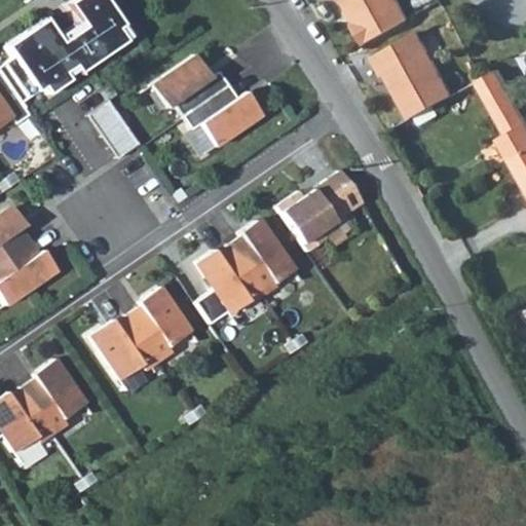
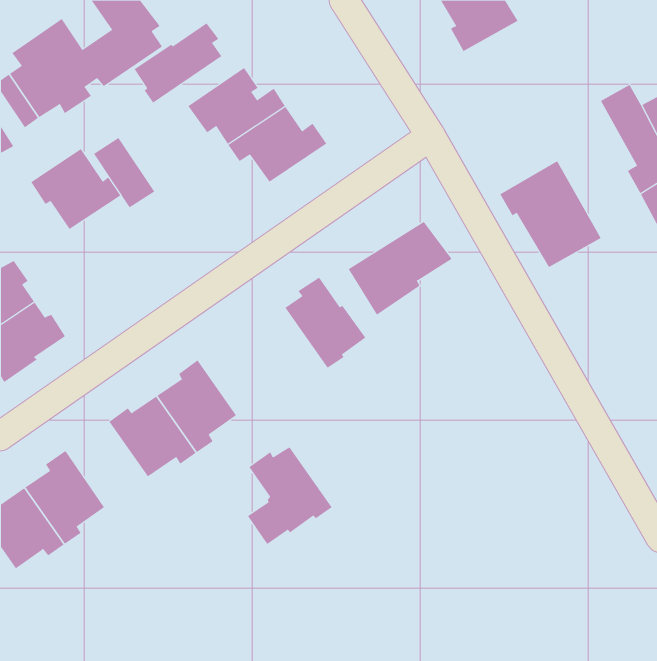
building: none -> [134,22,222,104]
building: [378,31,459,116] -> [499,161,602,268]
building: none -> [31,148,121,230]
building: [195,245,263,323] -> [247,446,333,545]

